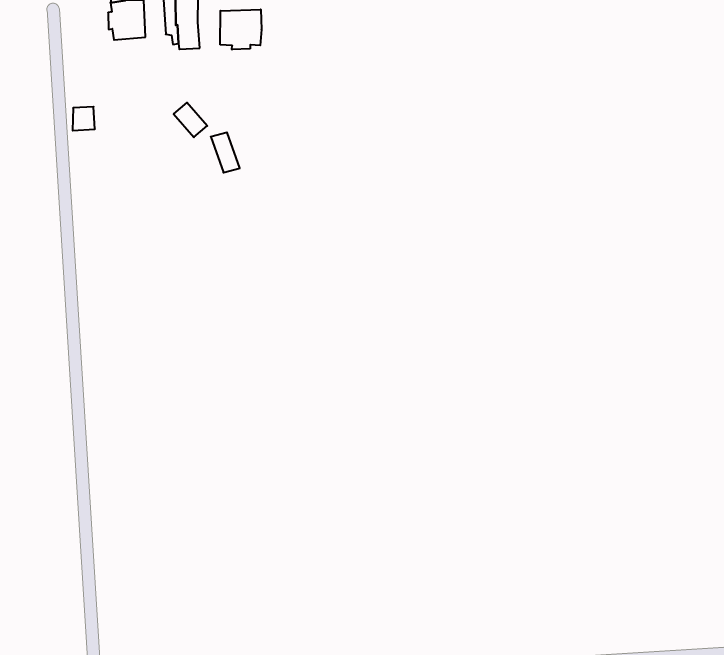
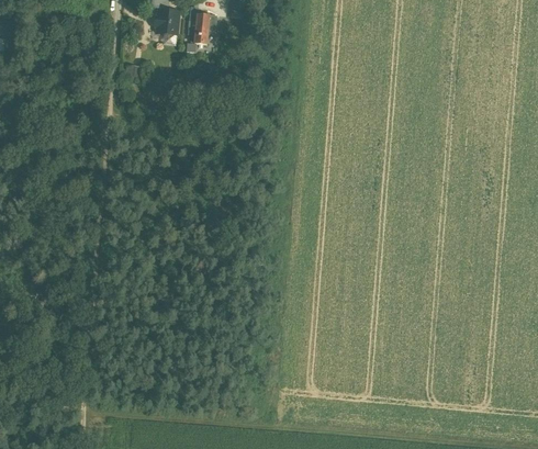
building: [220,9,261,50] -> none

